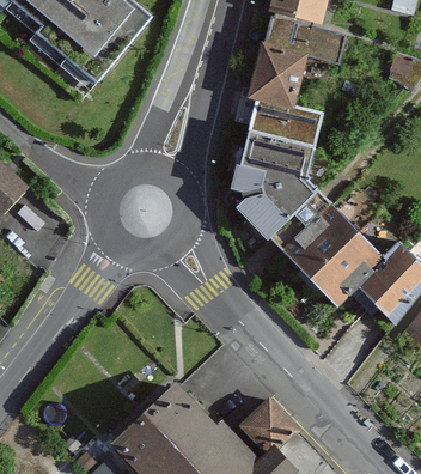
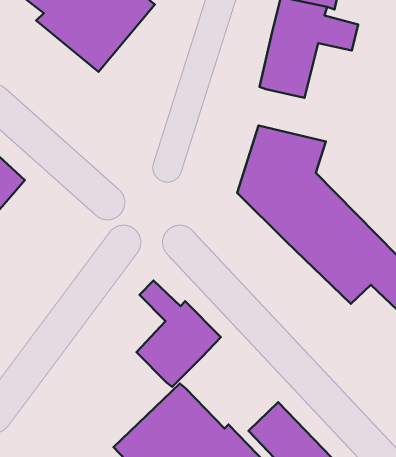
building: [249,98,322,148] -> none
building: none -> [136,280,221,387]

